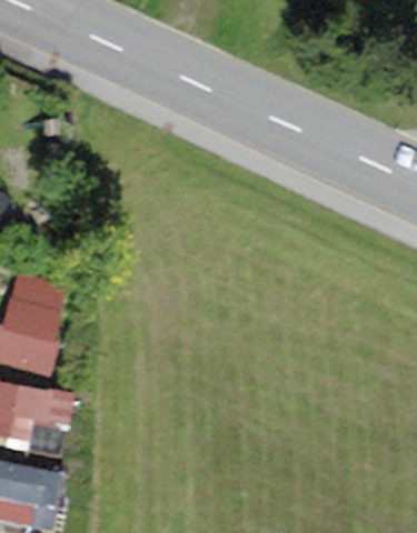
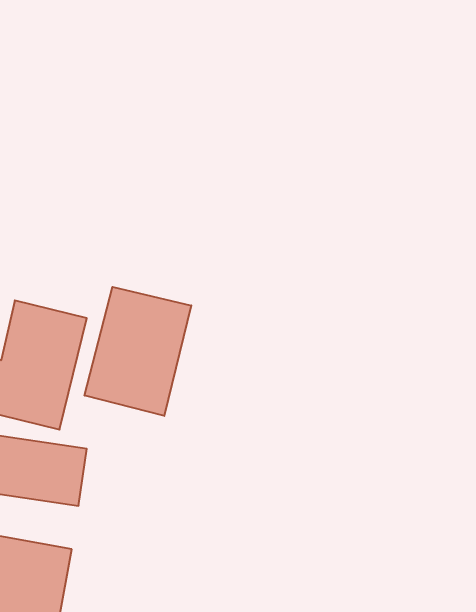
building: none -> [85,287,191,416]

